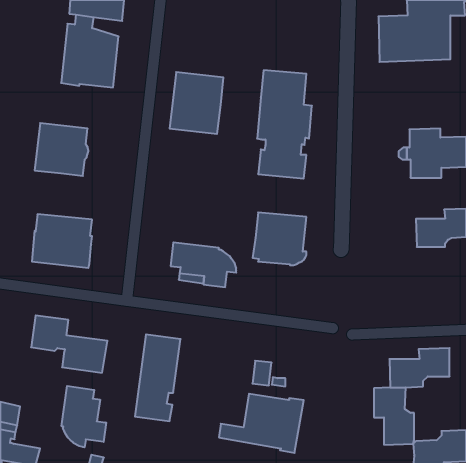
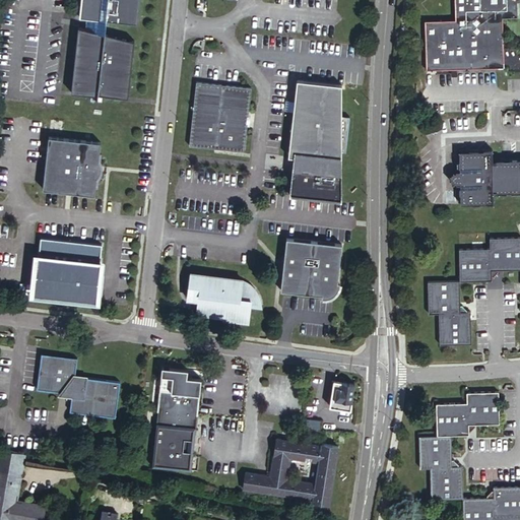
building: none -> [432,278,474,341]
building: [252,361,272,385] -> [331,384,352,411]
building: [61,386,106,447] -> none

